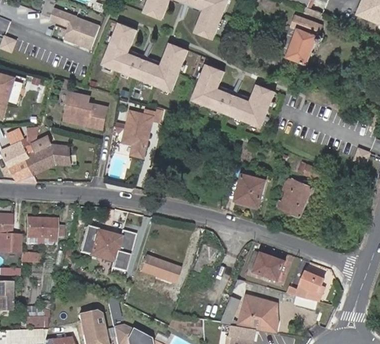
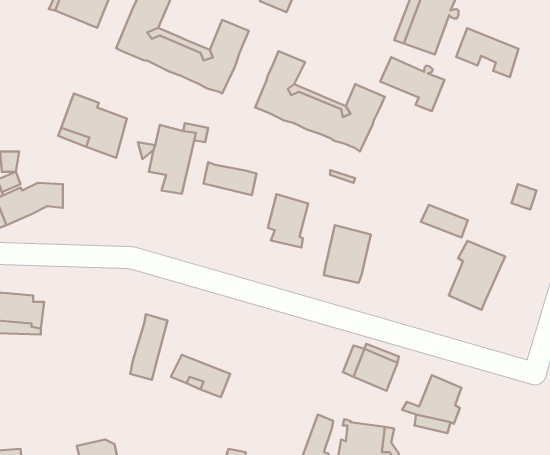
building: none -> [456,28,519,77]
building: none -> [380,57,444,111]
building: none -> [203,162,256,195]
building: none -> [268,194,308,248]
building: [276,177,312,221] -> [449,241,505,310]
building: [80,227,119,260] -> none

